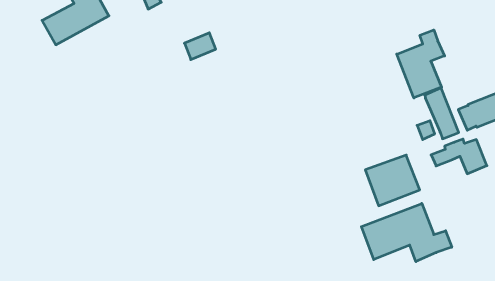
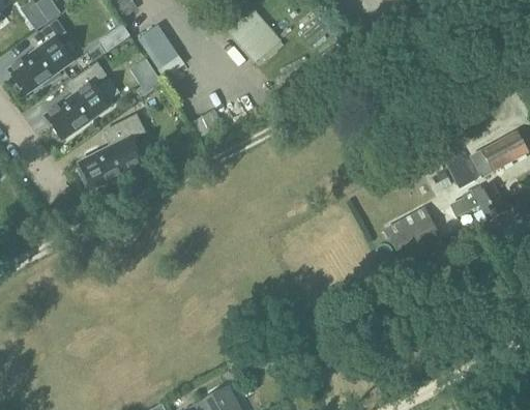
building: [397,30,445,98] -> none
building: none -> [78,114,146,187]
building: [361,203,452,262] -> none

